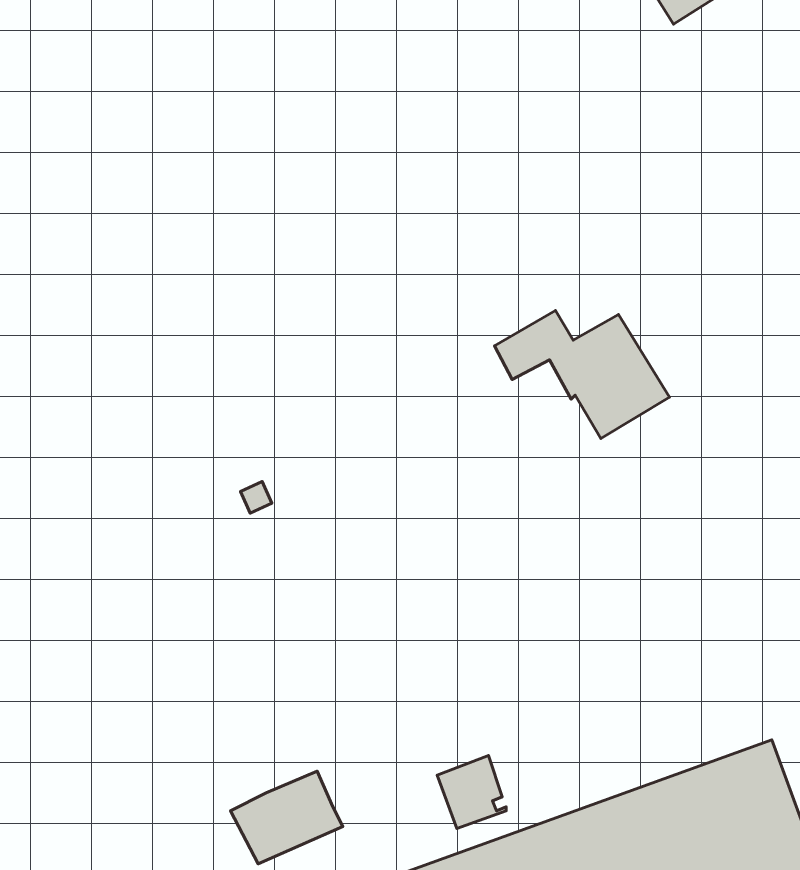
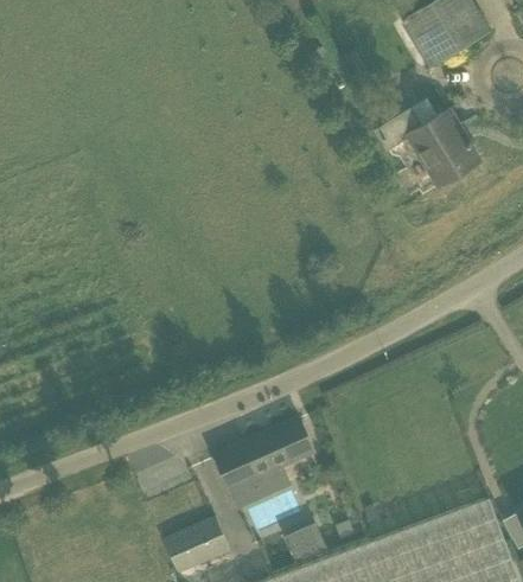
building: [494,310,670,439] -> [376,110,481,187]
building: none -> [216,421,315,509]

